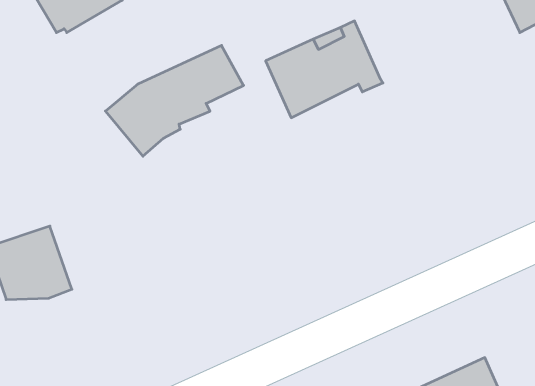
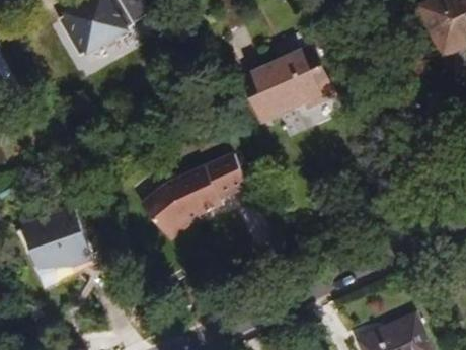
building: [105,45,244,156] -> [140,154,248,241]

